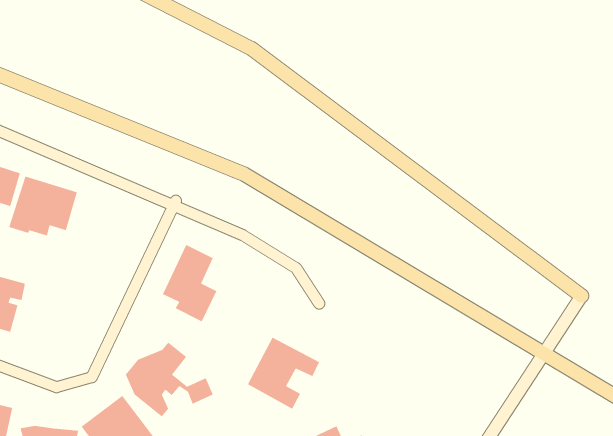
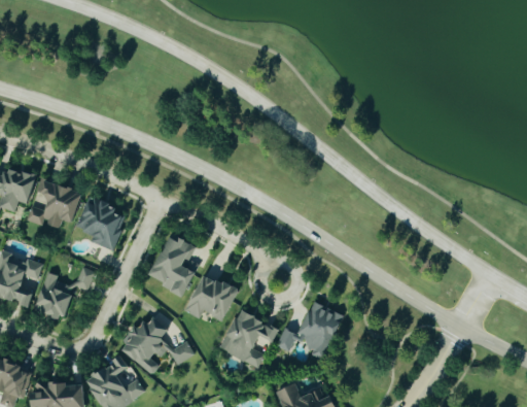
building: none -> [76,198,125,250]
building: none -> [34,267,94,319]
building: none -> [184,273,238,321]
building: none -> [273,300,341,358]

